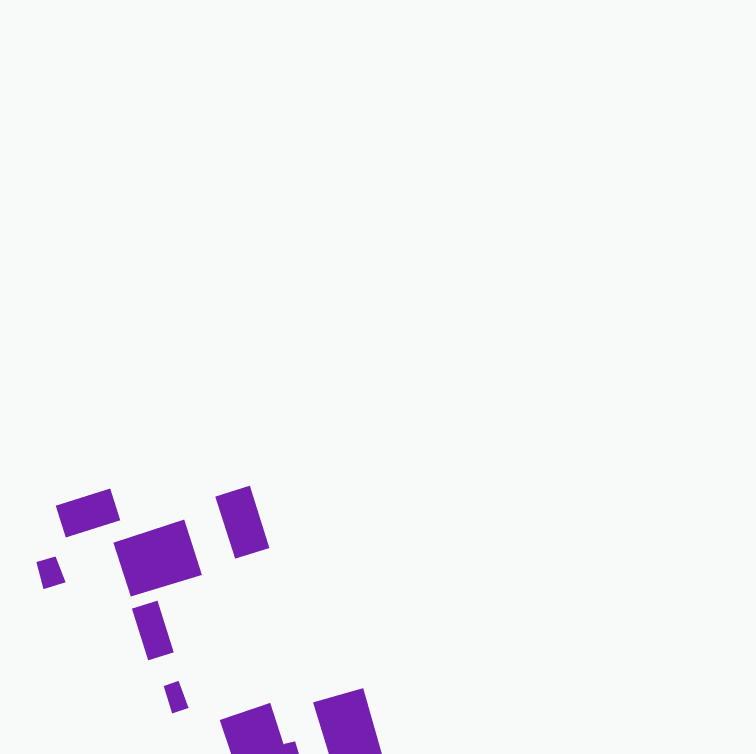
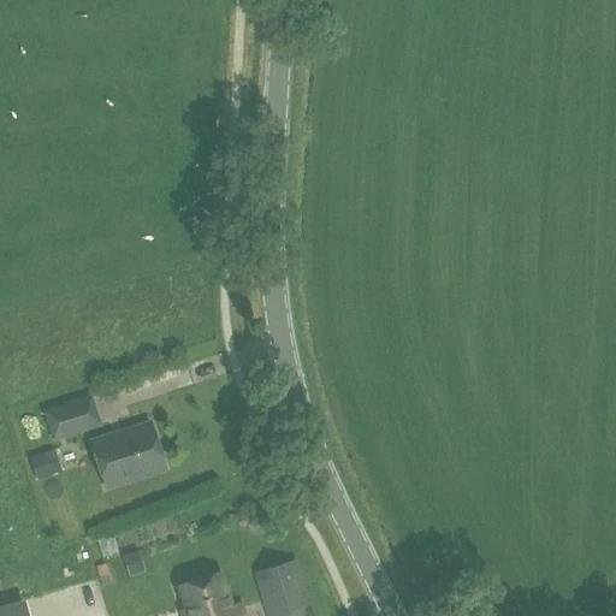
building: [215,485,270,560] -> none
building: [131,600,175,661] -> none

